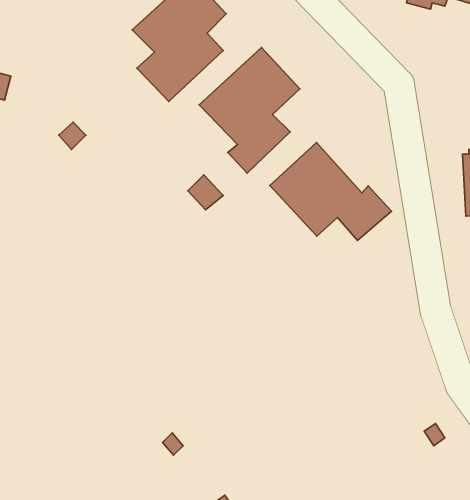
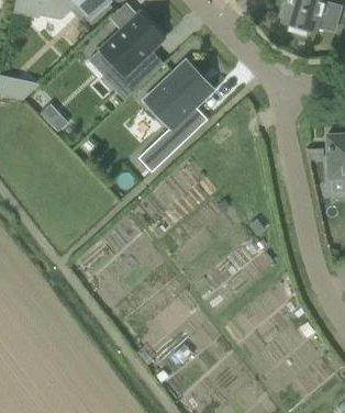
building: [270,143,392,240] -> none

